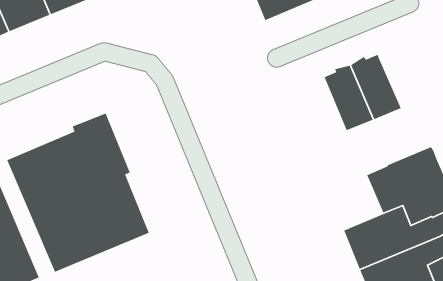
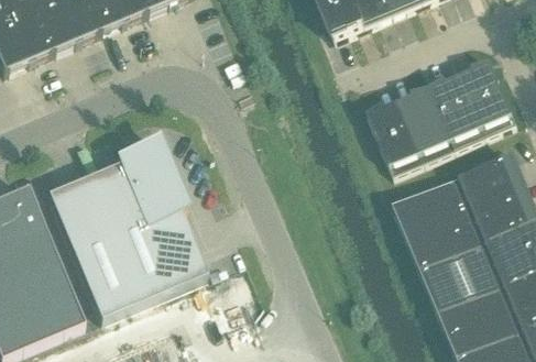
building: none -> [460,58,517,133]
building: none -> [368,98,425,173]
building: none -> [393,153,519,268]

